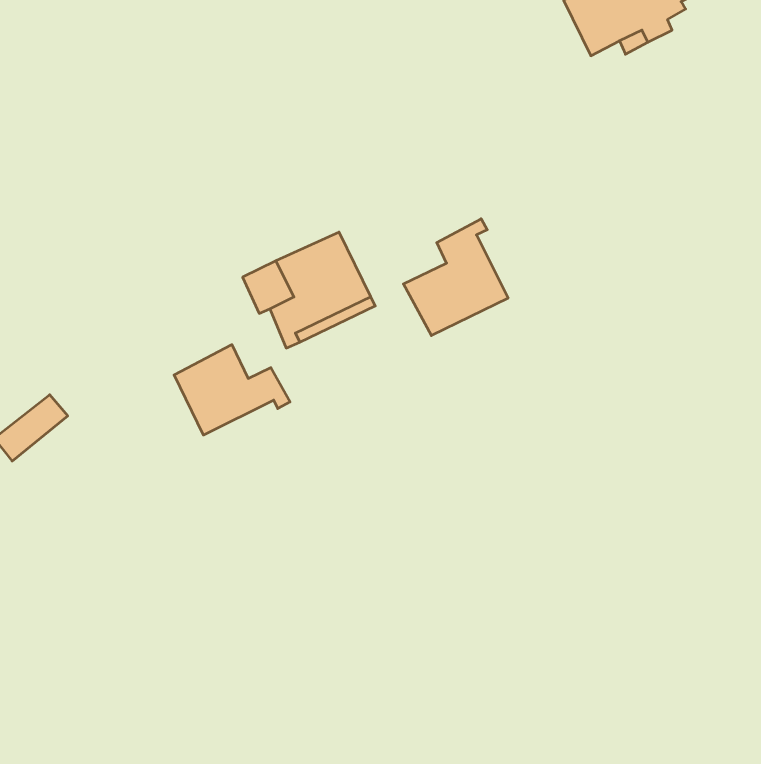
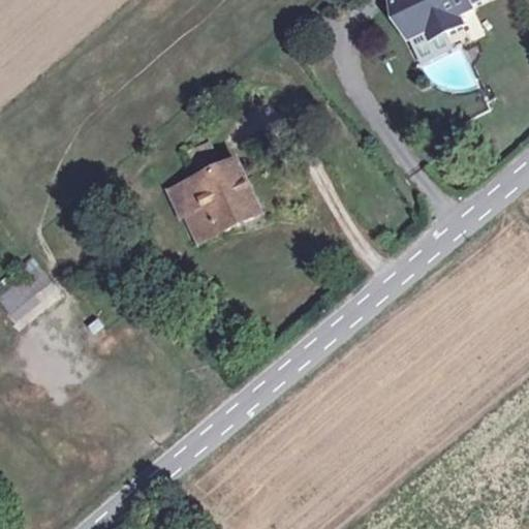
building: [403,219,508,336] -> none
building: [174,345,290,435] -> none

